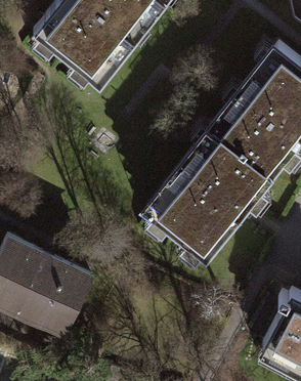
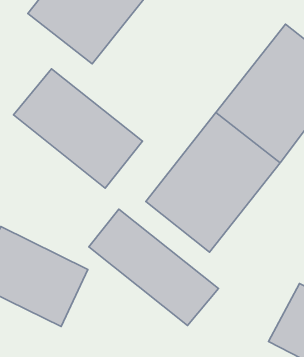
building: none -> [14,69,142,188]
building: none -> [89,209,218,325]

